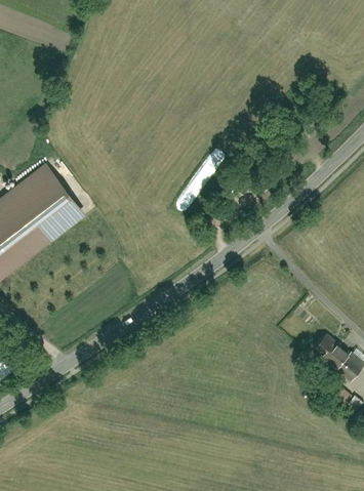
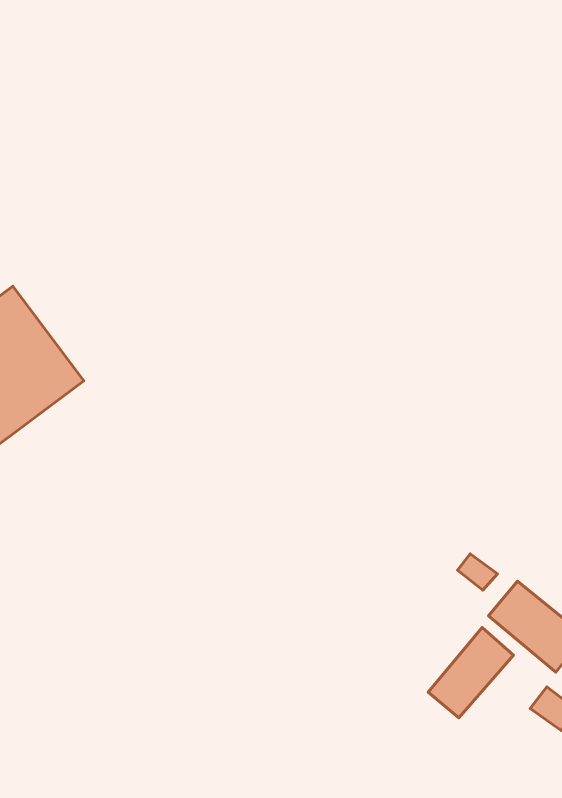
building: none -> [428,628,513,718]

